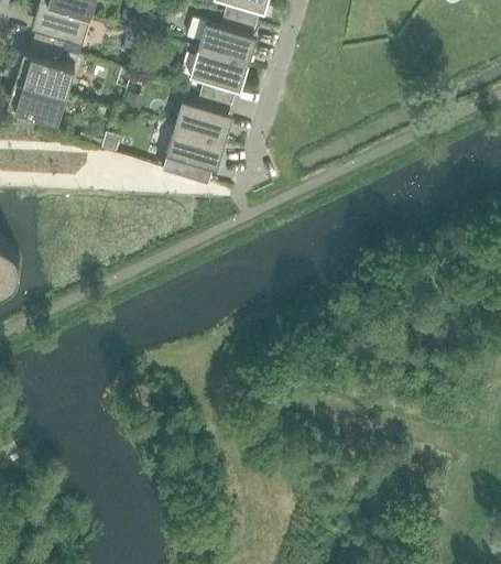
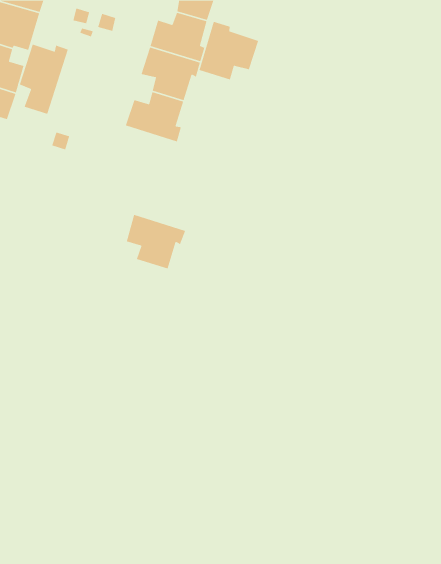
building: none -> [199,21,259,80]
building: none -> [19,44,69,115]
building: [166,127,226,182] -> [126,214,186,270]

